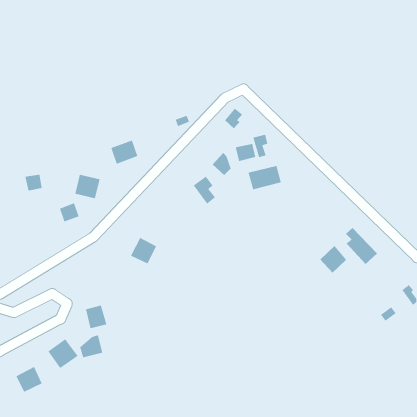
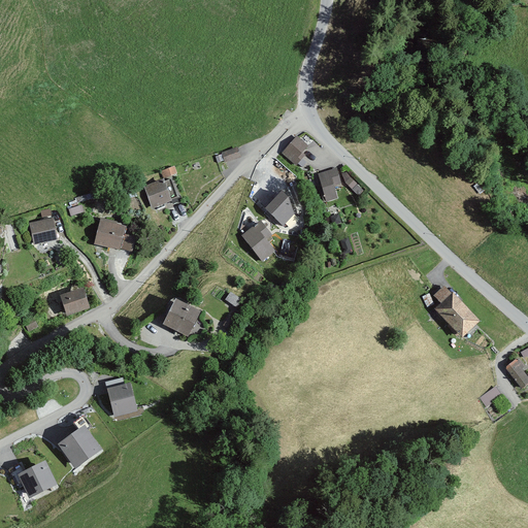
building: [235,143,256,162] -> none
building: [248,165,282,190] -> none
building: [59,203,80,222] -> [62,288,88,312]
building: [319,245,347,273] -> none
building: [80,335,103,358] -> none

